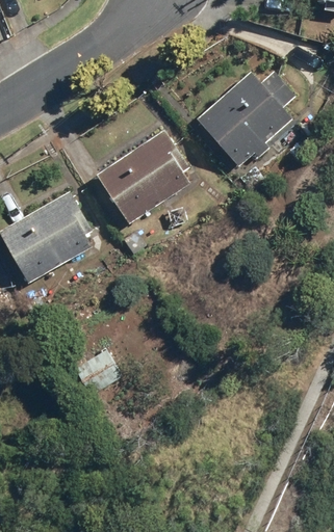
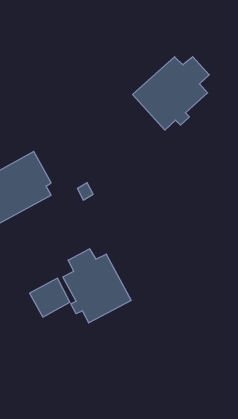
building: [96,130,188,223] -> none
building: none -> [63,249,131,323]

